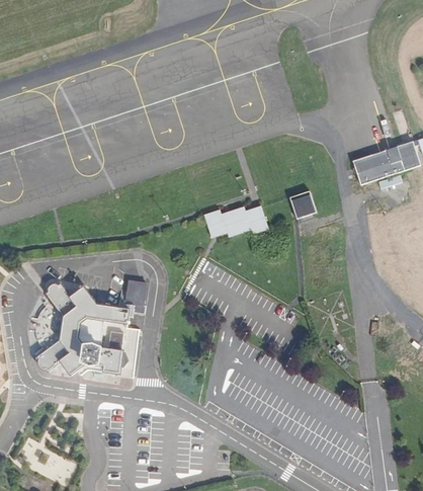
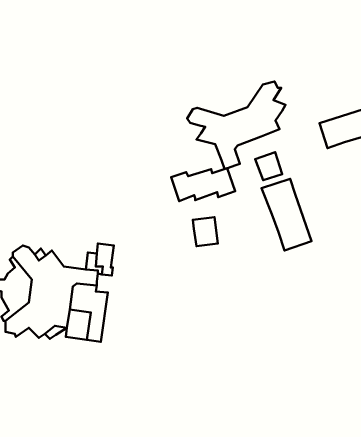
building: none -> [187,81,286,169]
building: none -> [262,179,312,251]
building: none -> [193,217,218,246]

